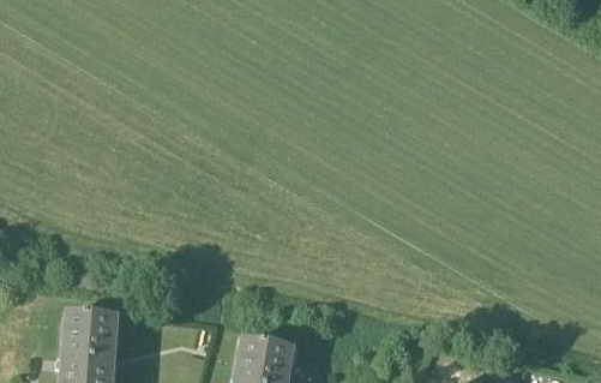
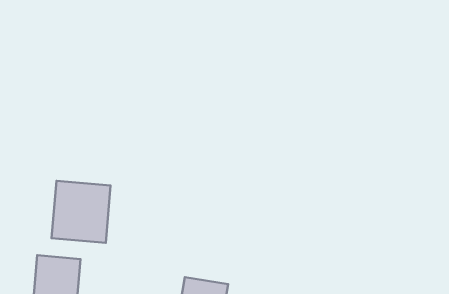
building: none -> [52,181,111,243]

